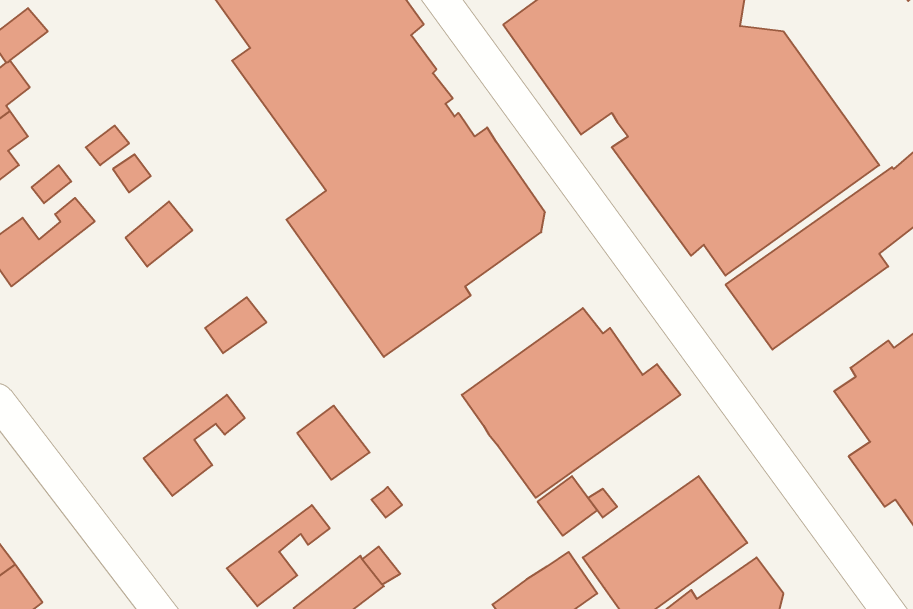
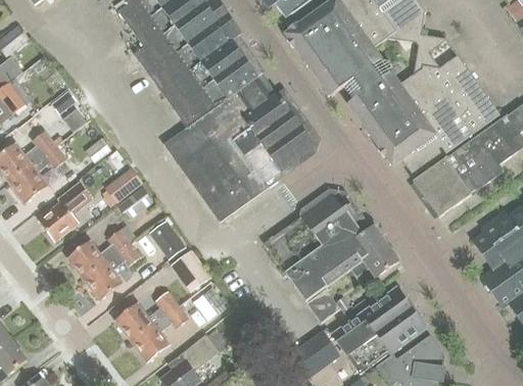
building: none -> [9,144,66,202]
building: none -> [105,167,142,201]
building: none -> [40,182,92,240]
building: none -> [149,220,185,257]
building: none -> [67,228,131,278]
building: none -> [351,242,399,277]
building: none -> [114,290,179,340]

